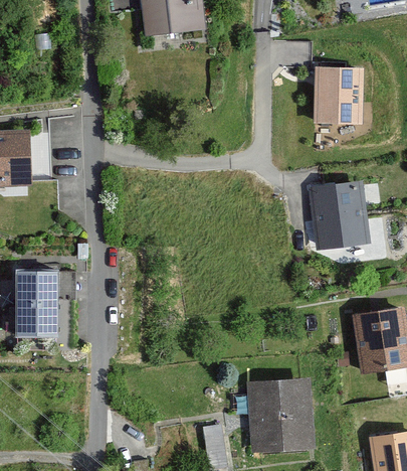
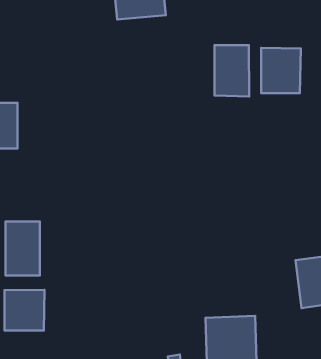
building: none -> [214,45,249,97]
building: [309,182,369,249] -> none
building: none -> [5,290,44,331]

